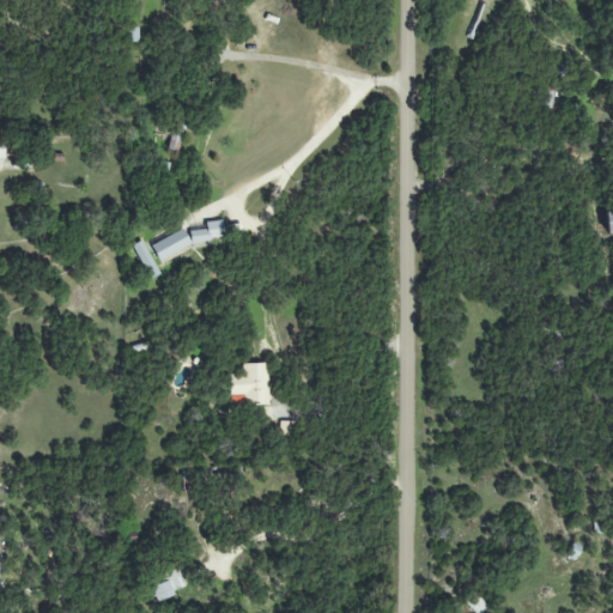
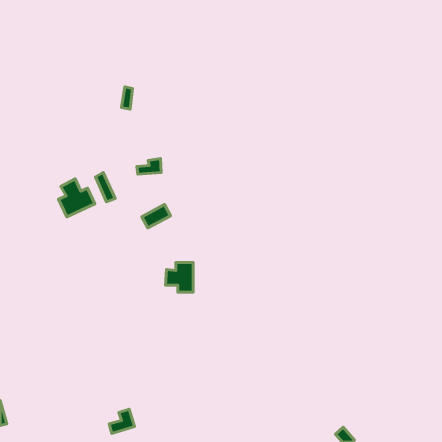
building: [152,227,192,260] -> [142,205,170,228]
building: none -> [59,179,95,217]

